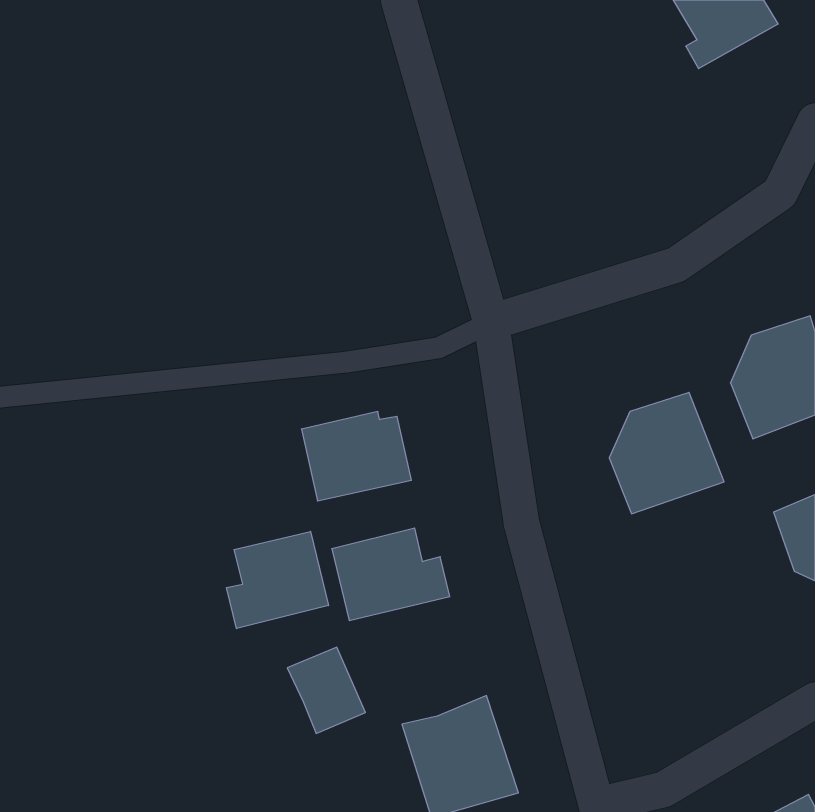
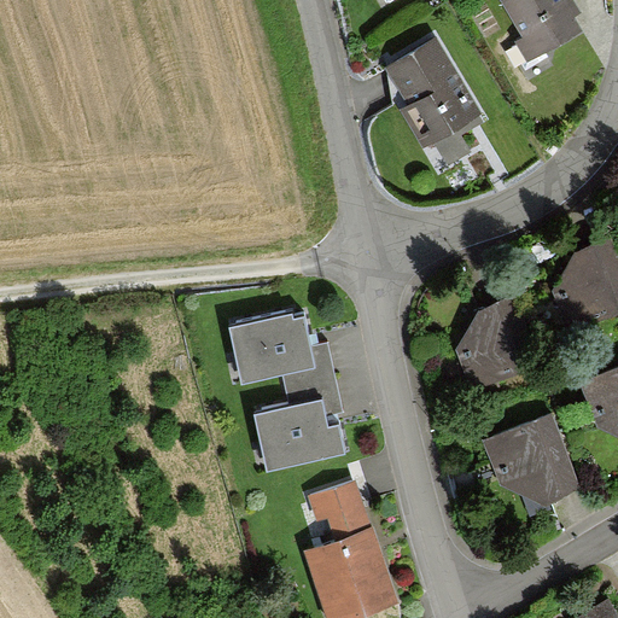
building: none -> [387,34,483,158]
building: [226,531,328,629] -> none
building: none -> [486,418,581,505]
building: [287,647,365,733] -> [309,479,368,544]

